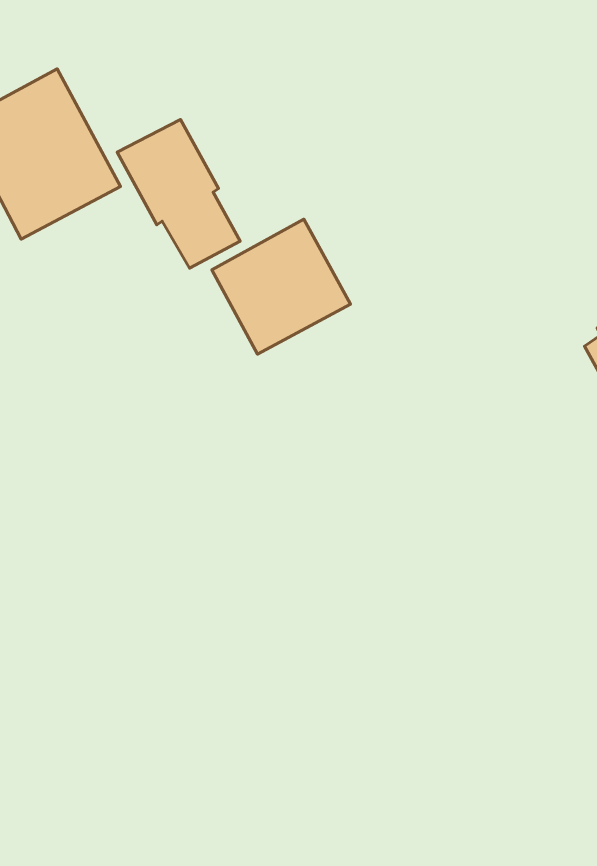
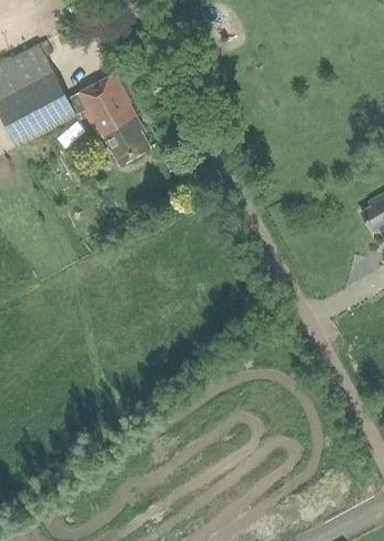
building: [212,219,350,354] -> none

